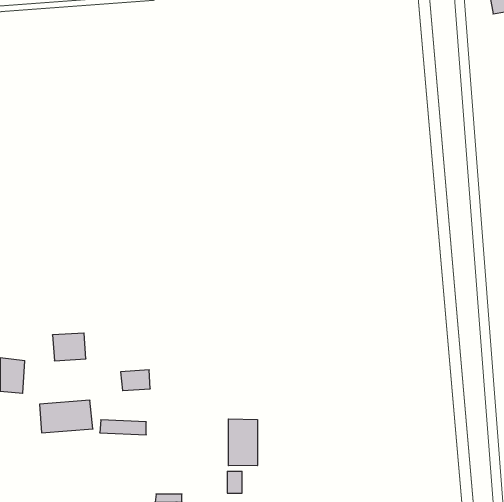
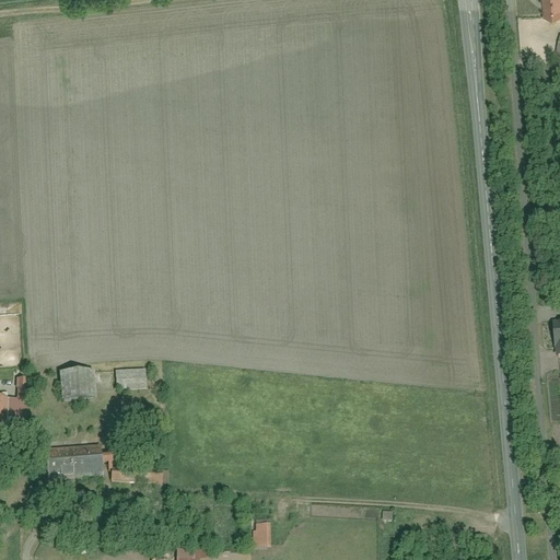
building: [121,370,150,391] -> [115,366,148,389]
building: [228,419,257,466] -> none

